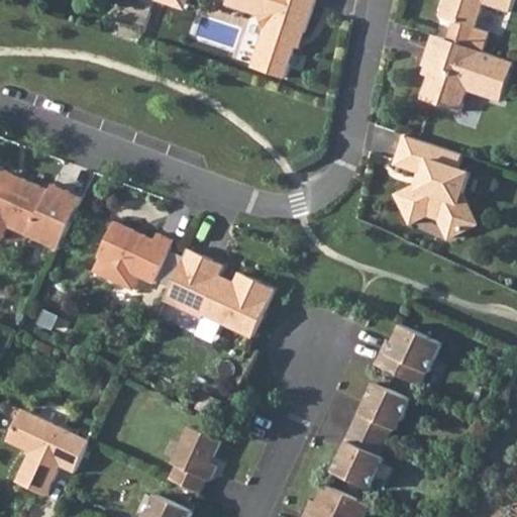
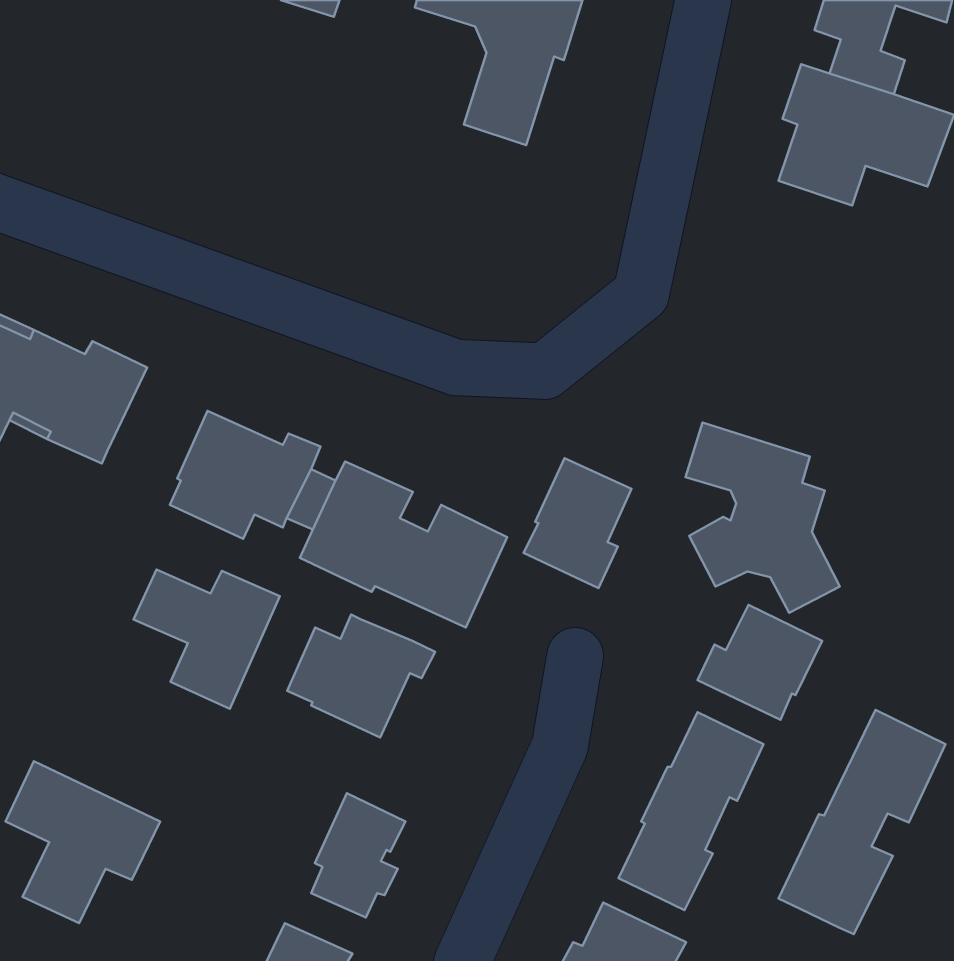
building: [393,134,476,236] -> [685,423,840,613]
building: none -> [524,458,632,588]
building: none -> [134,569,280,709]
building: none -> [287,614,435,738]
building: none -> [779,710,945,934]

